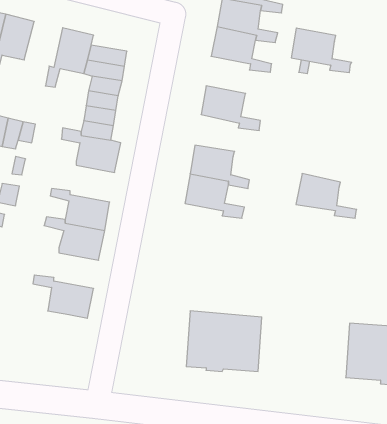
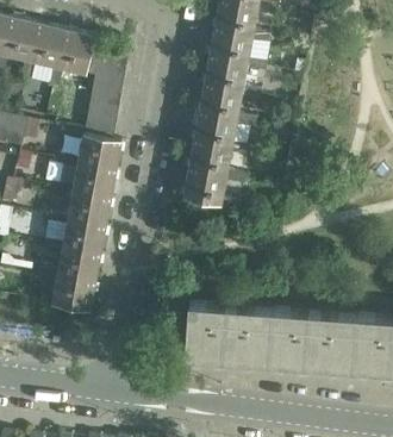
building: none -> [21,24,66,81]
building: [291,28,352,73] -> [204,57,262,100]
building: none -> [58,156,116,198]
building: [296,174,357,218] -> [193,113,251,156]
building: none -> [43,241,100,281]
building: none -> [254,308,342,368]

